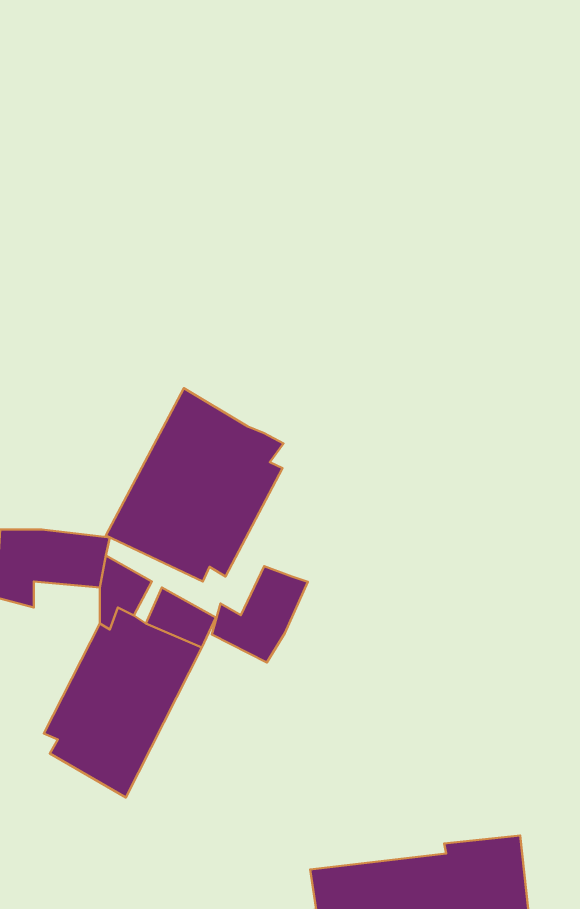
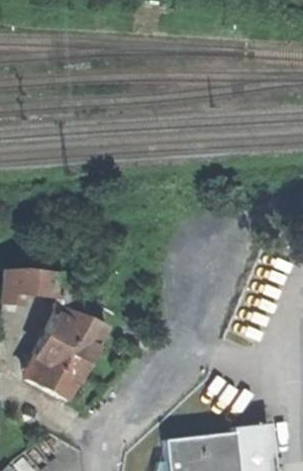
building: [106,388,284,581] -> none
building: [212,566,308,663] -> none

